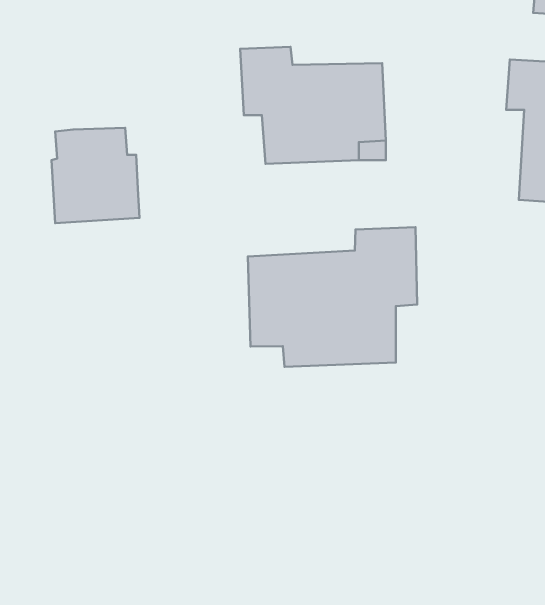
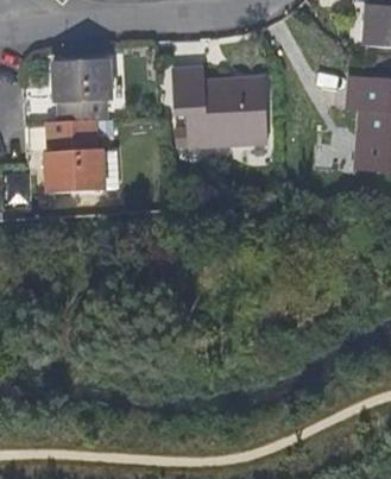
building: none -> [53,59,113,122]
building: [248,227,417,367] -> none

